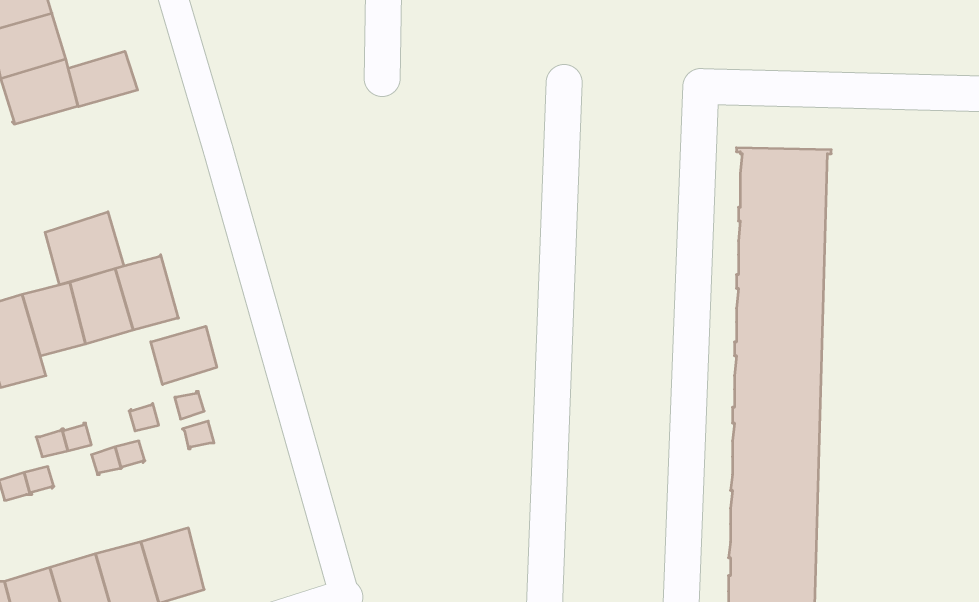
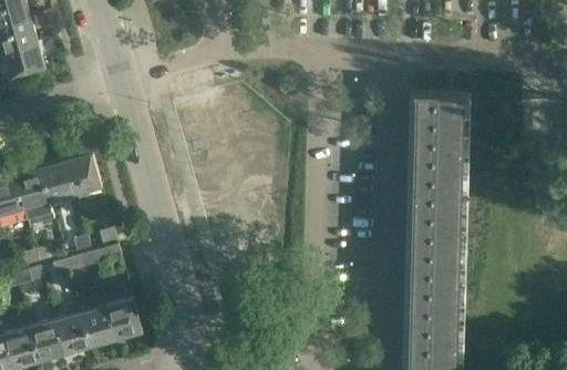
building: [68,51,138,107] -> none
building: [45,212,124,285] -> none
building: [151,326,217,385] -> none
building: none -> [106,298,142,340]

